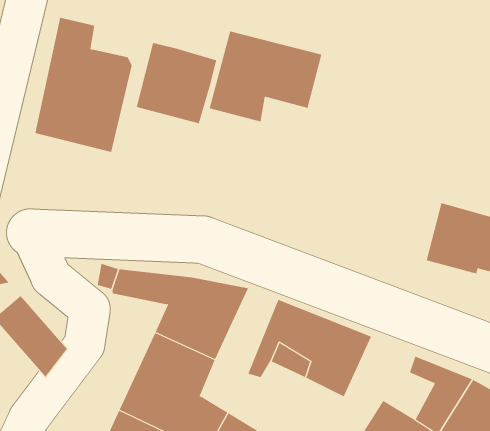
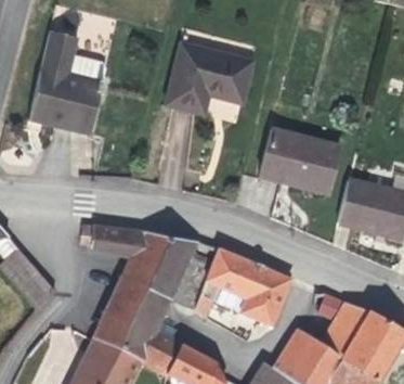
building: [136,42,217,124] -> none
building: none -> [252,123,334,191]

